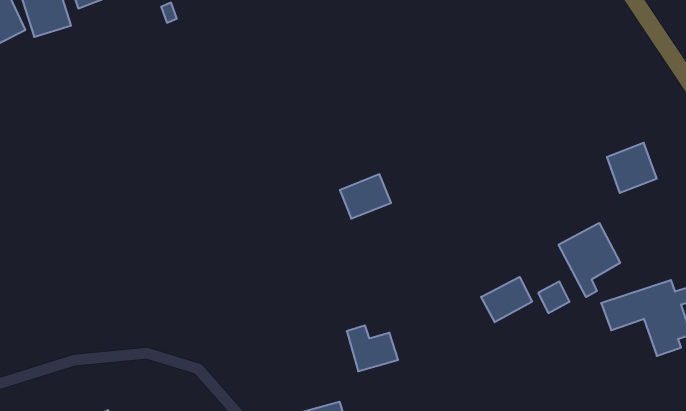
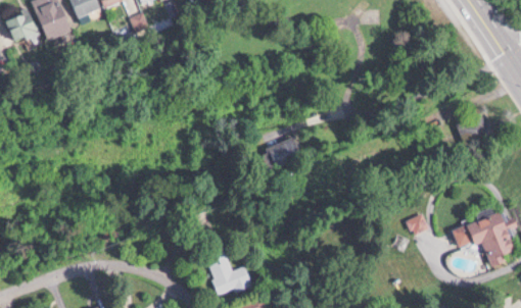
building: [559,223,620,297] -> none
building: [481,277,532,322] -> none
building: [347,326,398,371] -> [212,262,249,295]

